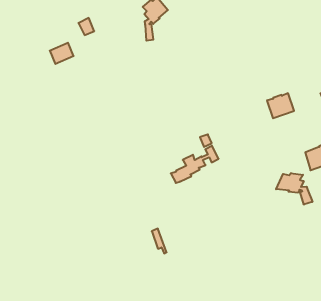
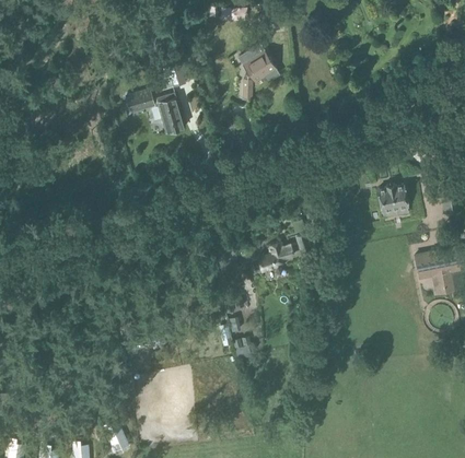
building: none -> [155,87,185,127]
building: [276,173,312,205] -> none

